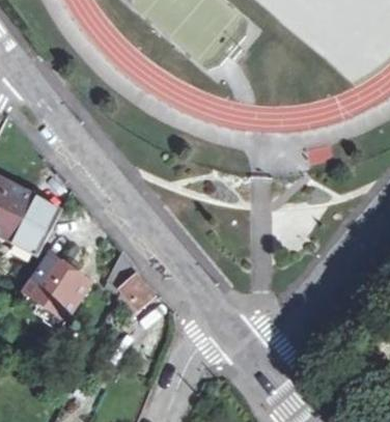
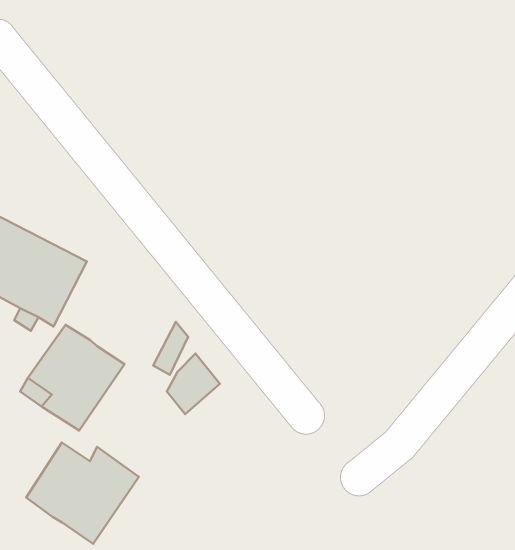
building: none -> [26,442,139,544]

